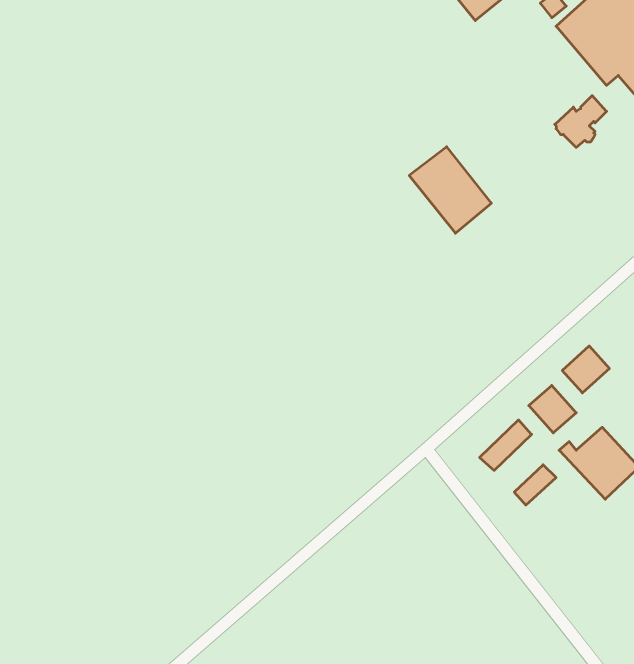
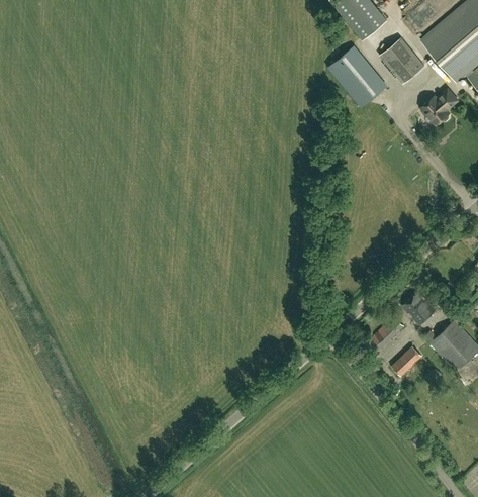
building: none -> [380,37,424,84]
building: [409,147,491,233] -> [328,46,386,107]
building: [562,346,609,393] -> none

